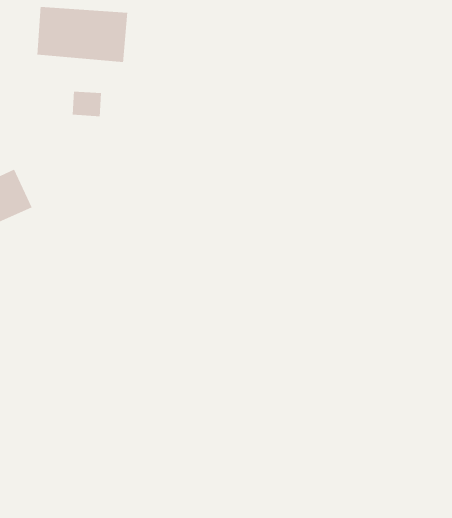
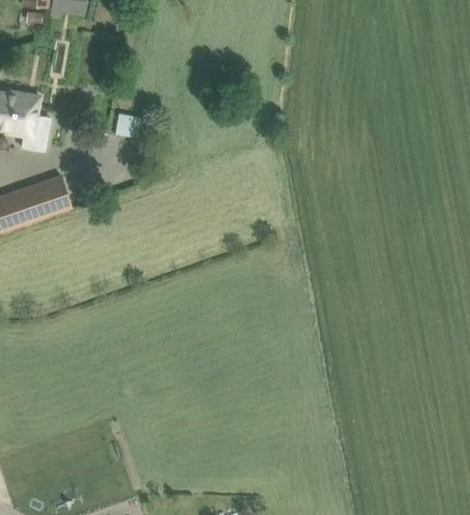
building: [37,6,128,63] -> none

